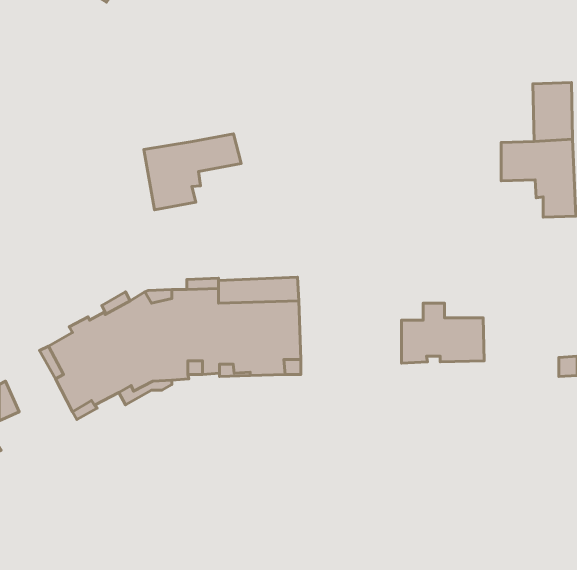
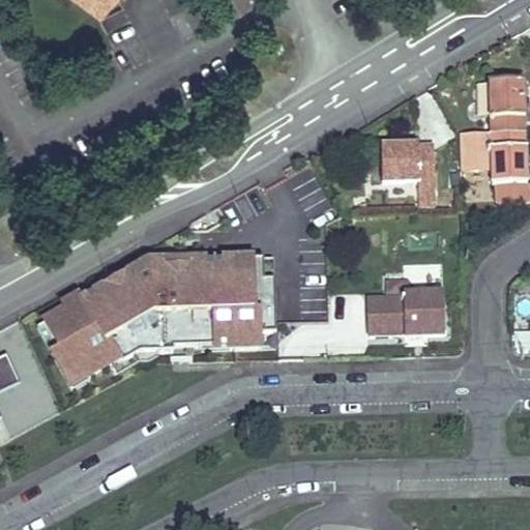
building: [144,134,241,210] -> none
building: none -> [380,142,434,200]

